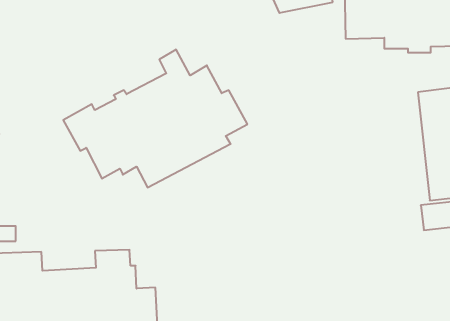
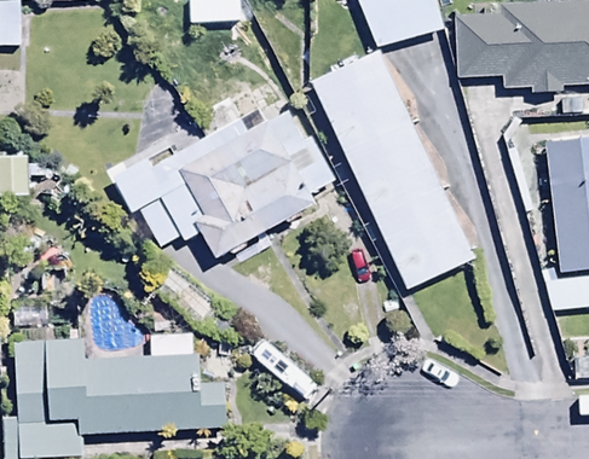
building: none -> [312,48,475,289]

